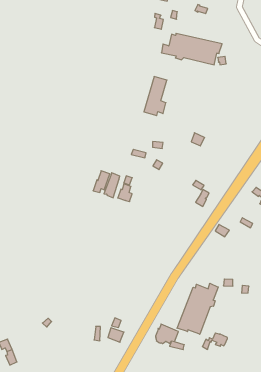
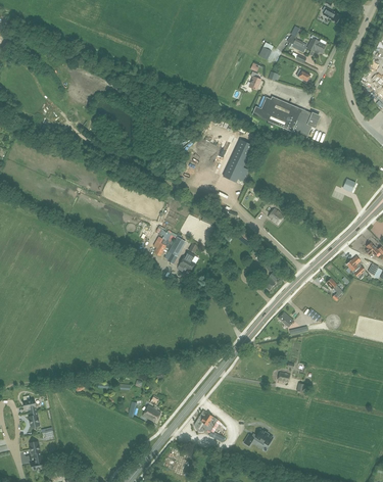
building: [177,283,218,334] -> none

